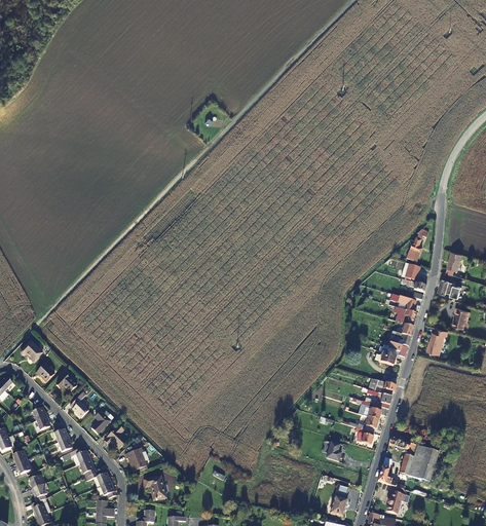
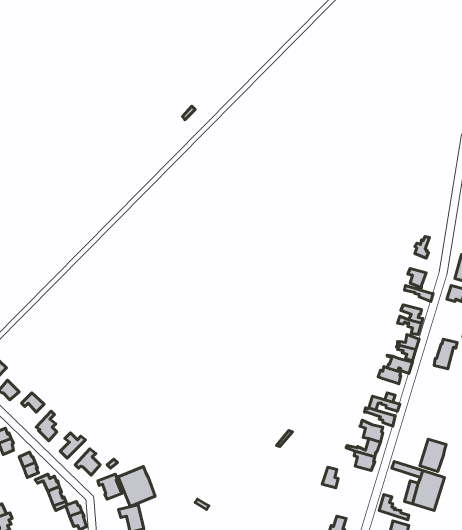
building: none -> [420,439,446,471]
building: none -> [118,467,155,506]

